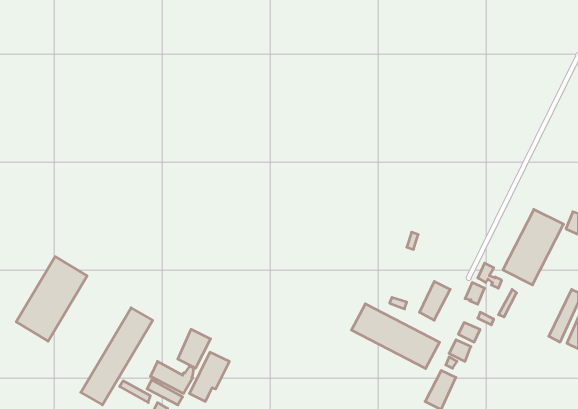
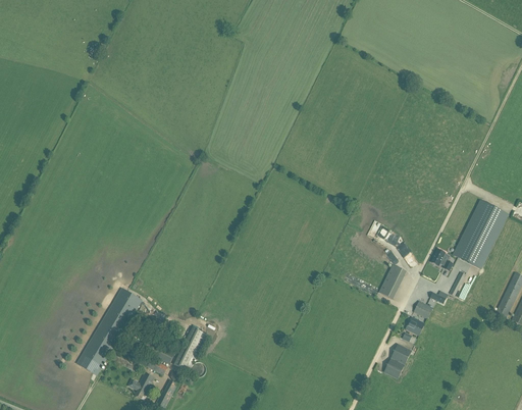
building: [16,257,87,341] -> none
building: [351,304,440,369] -> none
building: [178,329,211,368] -> none

